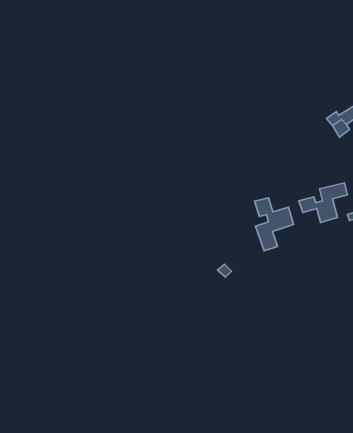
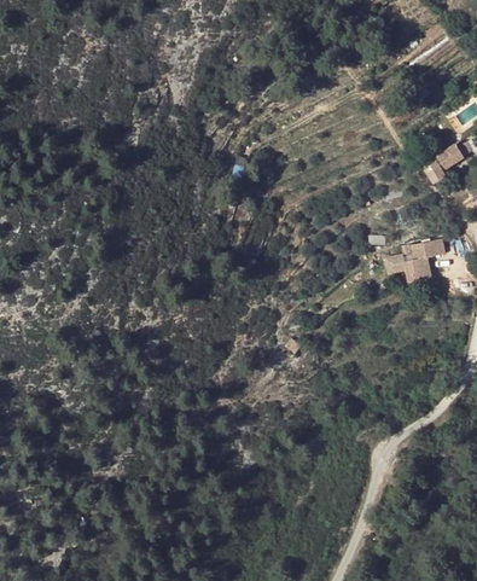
building: [255,198,294,251] -> none

